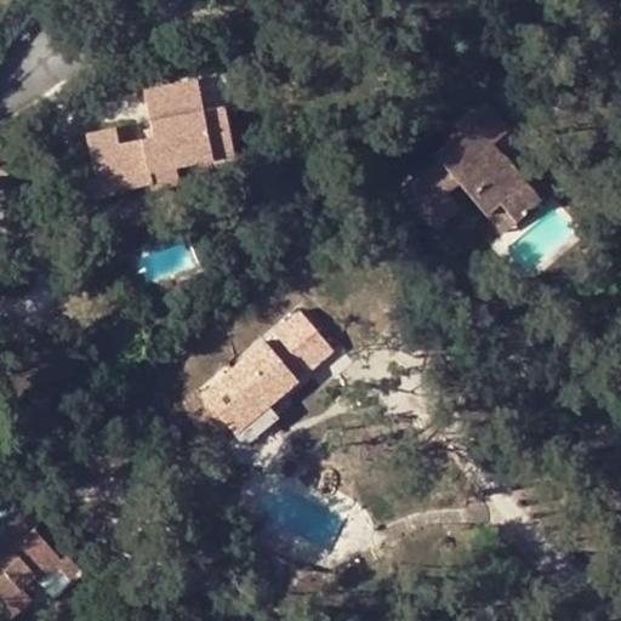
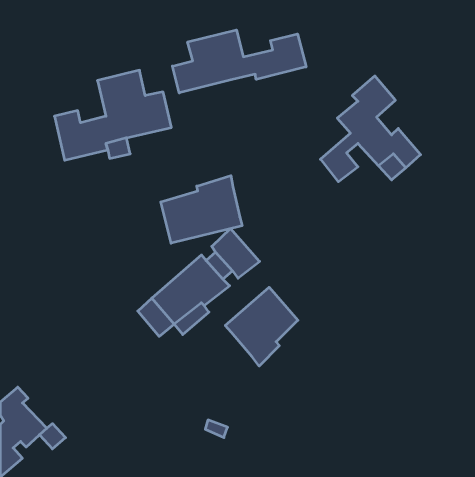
building: none -> [172,30,306,93]
building: none -> [161,176,242,243]
building: none -> [225,287,298,366]

